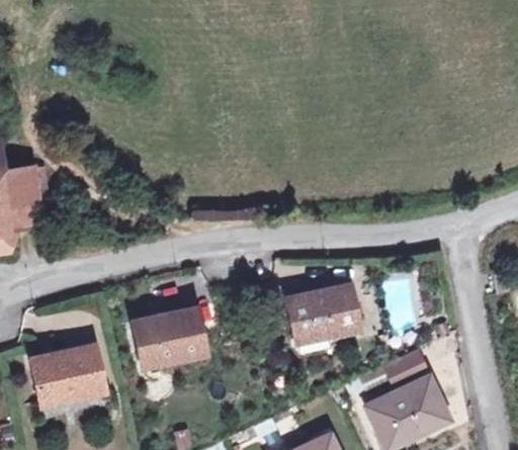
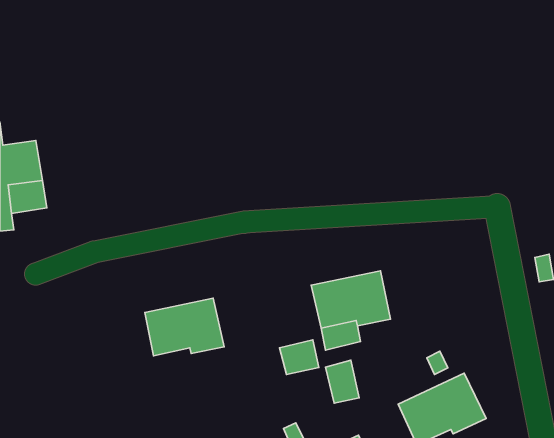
building: [31,346,104,399] -> none
building: none -> [279,340,319,375]
building: none -> [325,360,359,403]

